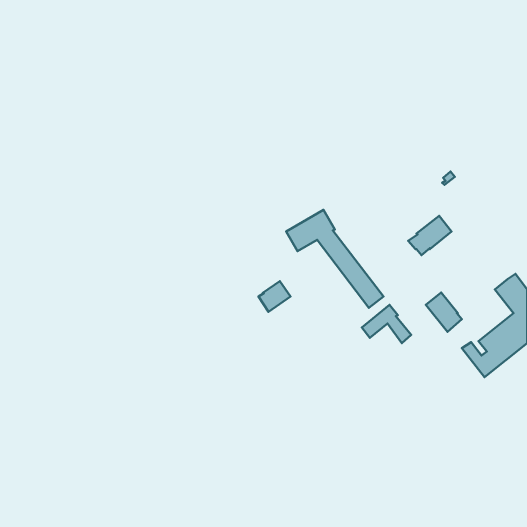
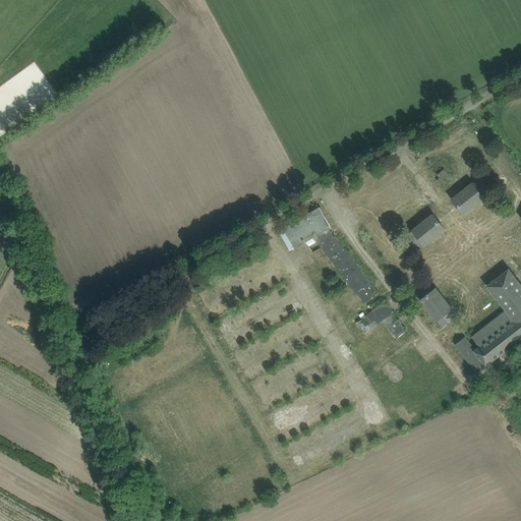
building: none -> [451,179,489,215]
building: [259,281,291,312] -> none

